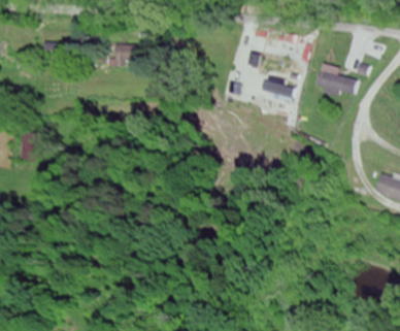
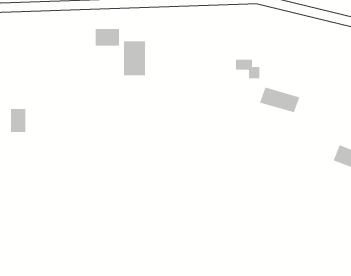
building: none -> [124,41,145,76]
building: [314,69,360,98] -> [259,87,300,113]

